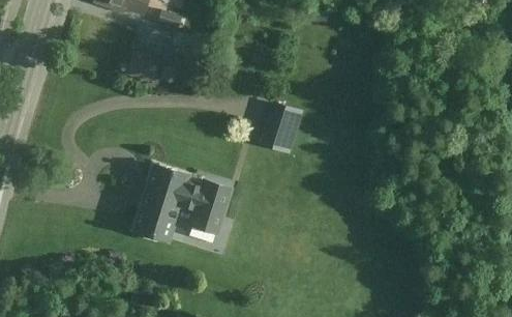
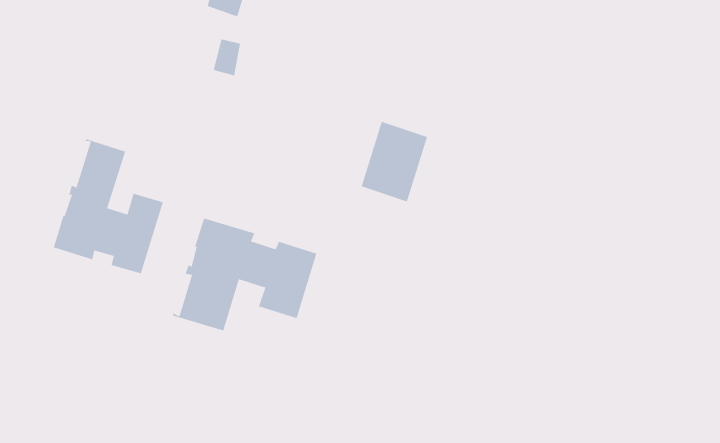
building: none -> [53,139,163,274]

